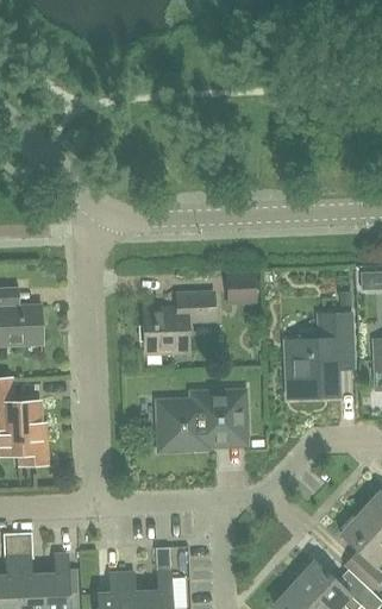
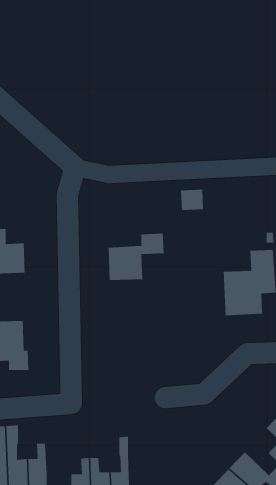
building: [227,274,257,301] -> [180,189,204,211]
building: [158,391,245,448] -> none

